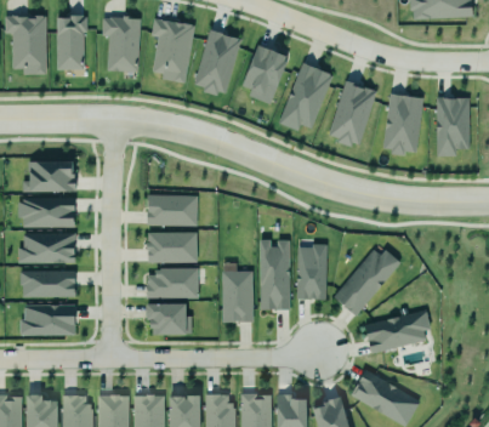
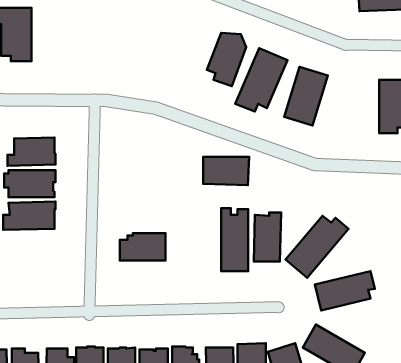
building: [56,13,86,69] -> none
building: [104,17,142,72] -> none
building: [150,17,194,82] -> none
building: [193,28,240,95] -> none
building: [386,95,425,154] -> none
building: [149,195,200,227] -> [203,157,249,185]
building: [148,232,198,262] -> none
building: [19,269,74,296] -> none
building: [222,271,252,321] -> none
building: [19,303,74,334] -> none
building: [146,303,191,334] -> none

